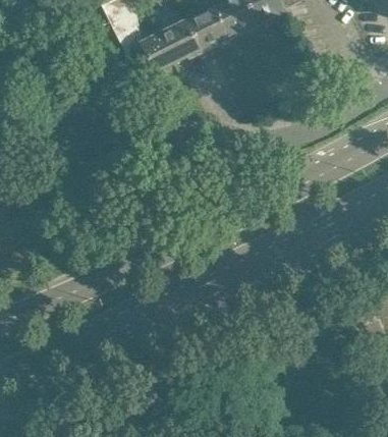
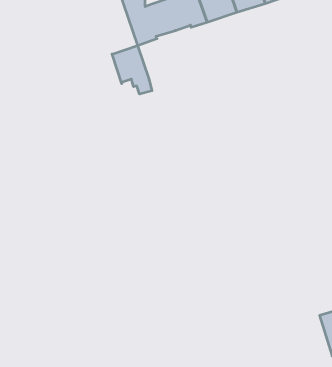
building: none -> [112,45,152,94]

